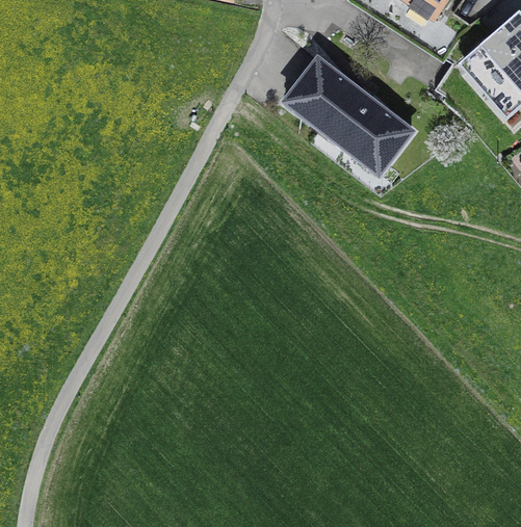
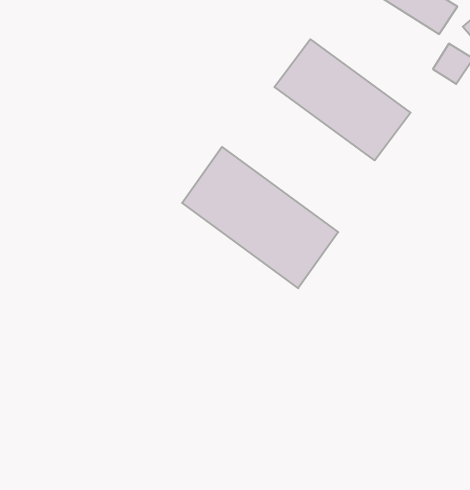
building: none -> [182,147,338,288]

